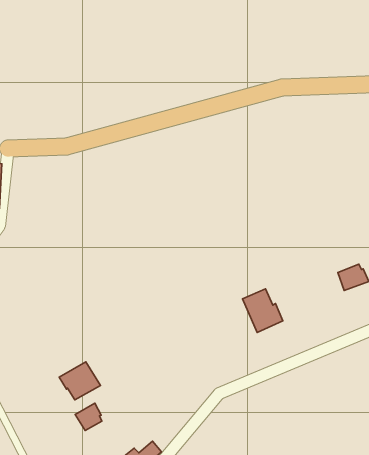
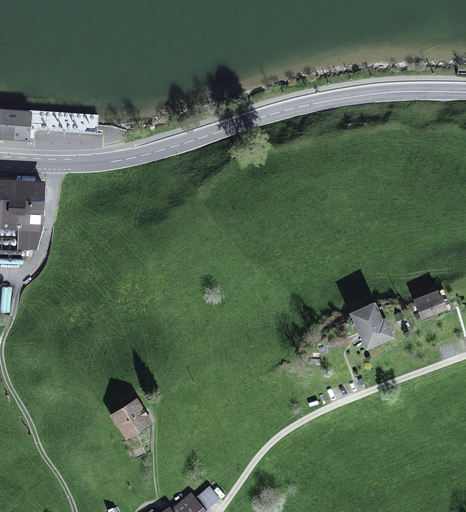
building: [243,289,283,333] -> [349,302,393,350]
building: [75,403,102,431] -> none

